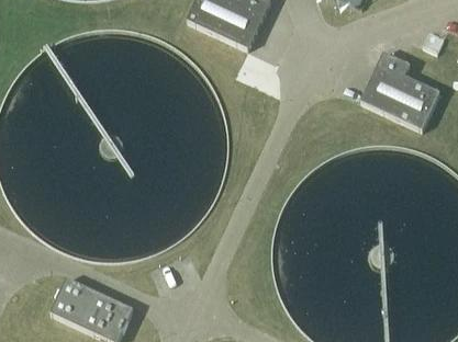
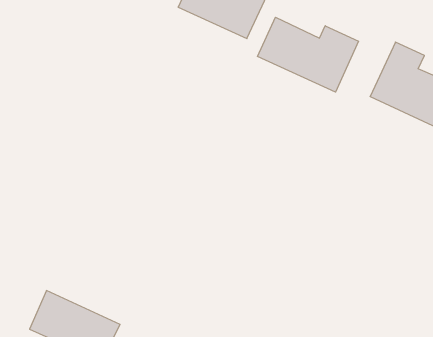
building: none -> [257,17,359,92]

